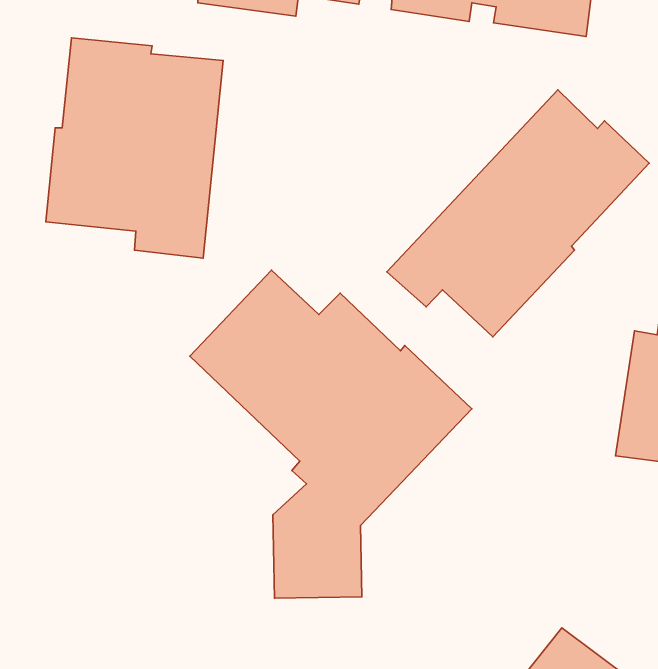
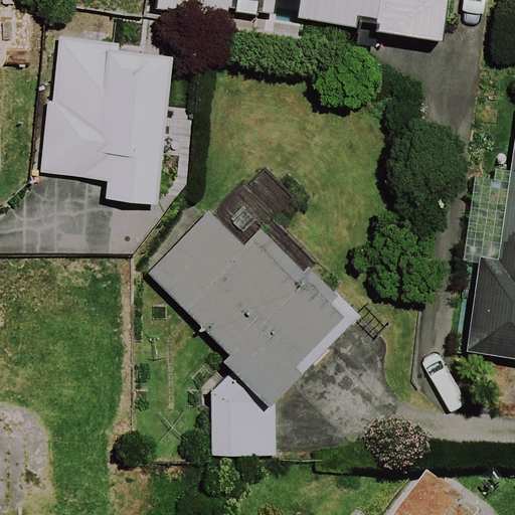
building: [387,90,649,337] -> none

